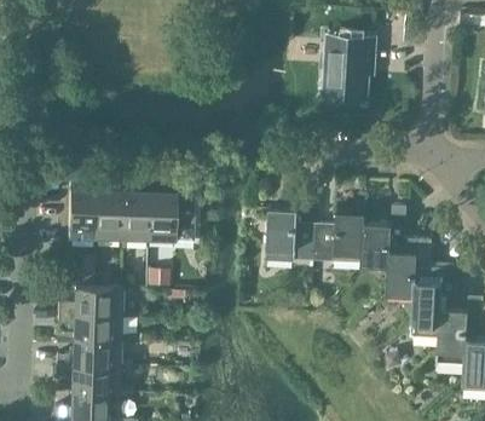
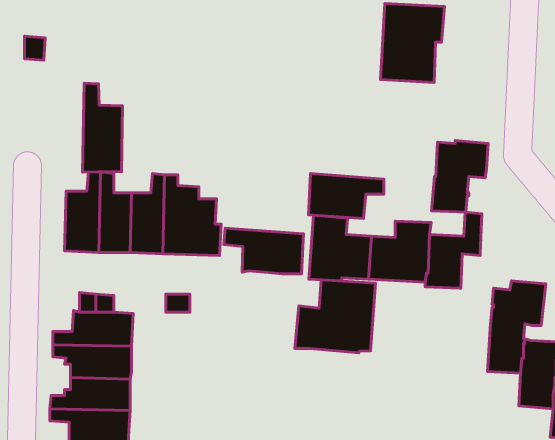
building: none -> [82,83,122,172]
building: none -> [308,173,384,219]
building: none -> [224,228,303,274]
building: [385,238,431,296] -> [431,141,488,212]
building: none -> [295,280,376,353]

